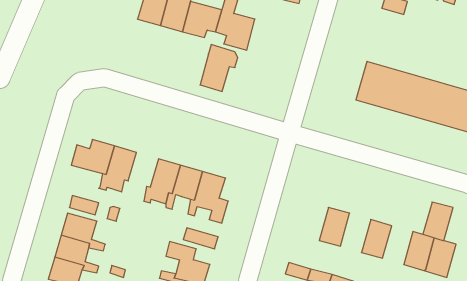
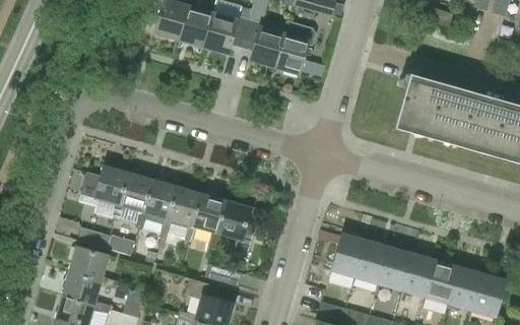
building: [200,45,238,91] -> [275,22,317,74]
building: none -> [136,180,178,234]
building: none -> [331,234,366,277]
building: [423,202,453,241] -> [426,261,459,304]
building: none -> [379,247,412,290]

